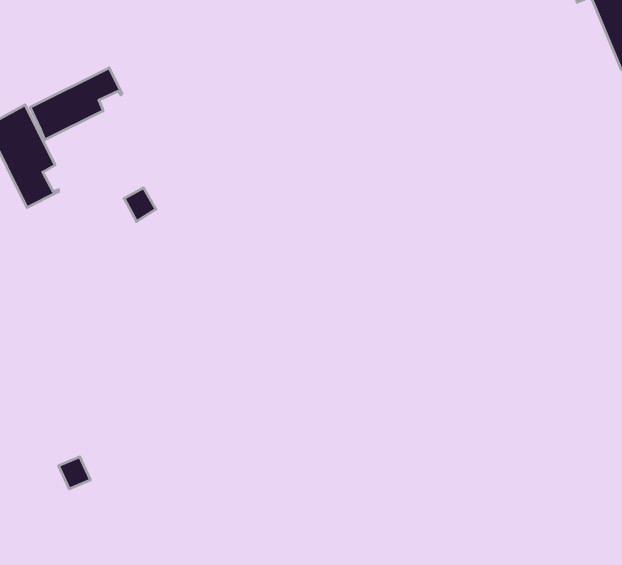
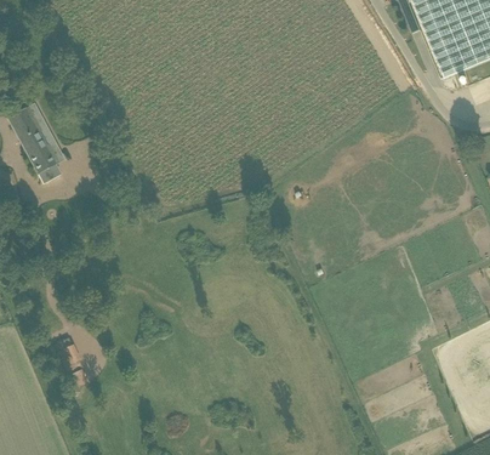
building: [30,68,122,140] -> none

